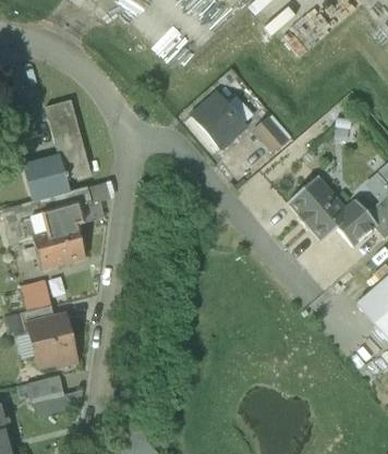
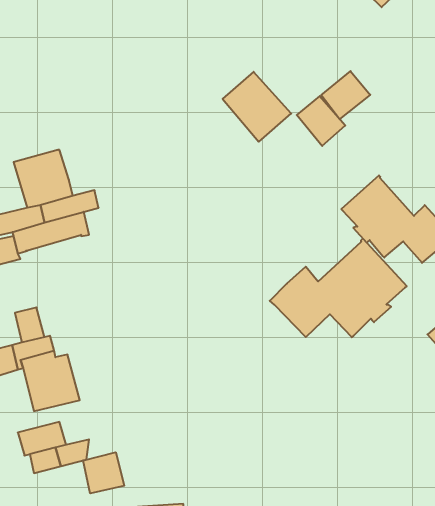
building: none -> [321,71,370,119]
building: [46,100,92,179] -> none
building: [33,223,86,269] -> none
building: none -> [270,239,407,337]
building: none -> [83,452,124,493]

